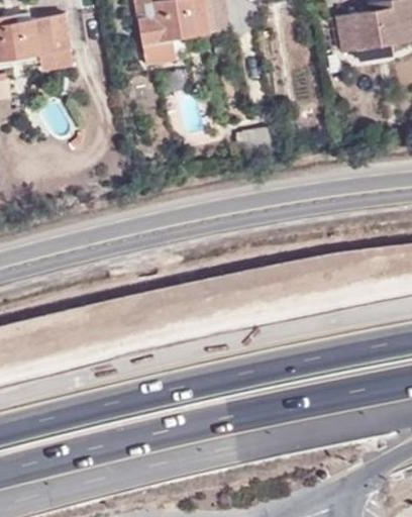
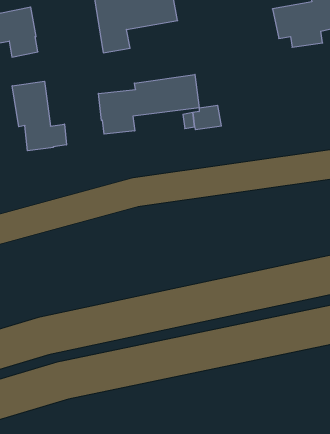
building: none -> [98,74,199,134]
building: none -> [12,81,66,151]

